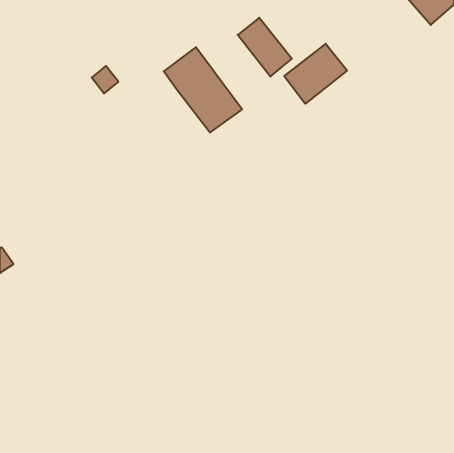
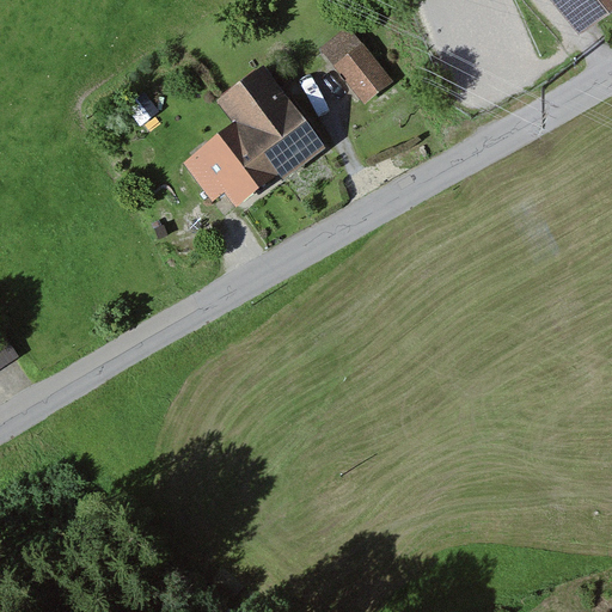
building: [284,44,347,104] -> none
building: none -> [183,121,279,206]

